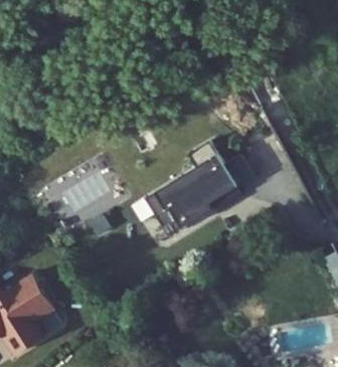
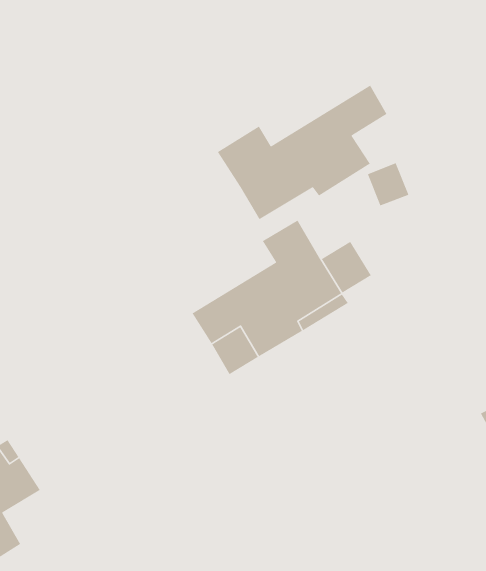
building: none -> [217,85,388,220]

